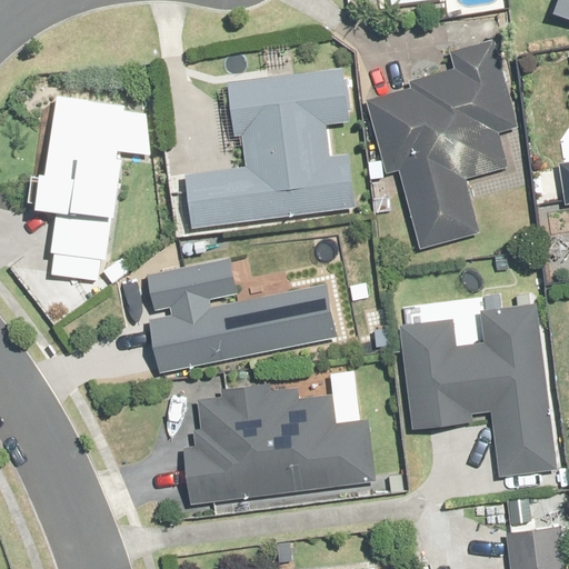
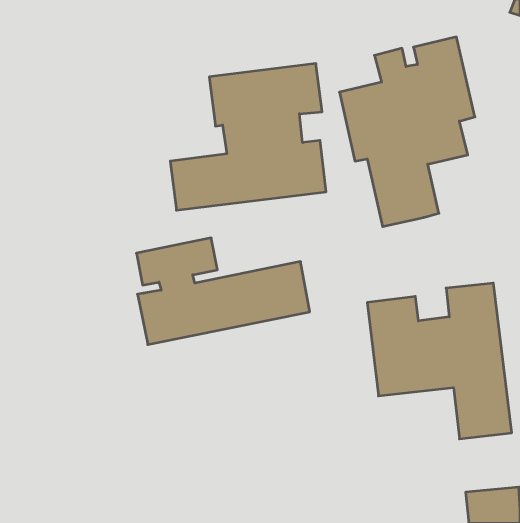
building: [37,97,162,281] -> none
building: [182,382,370,517] -> none

